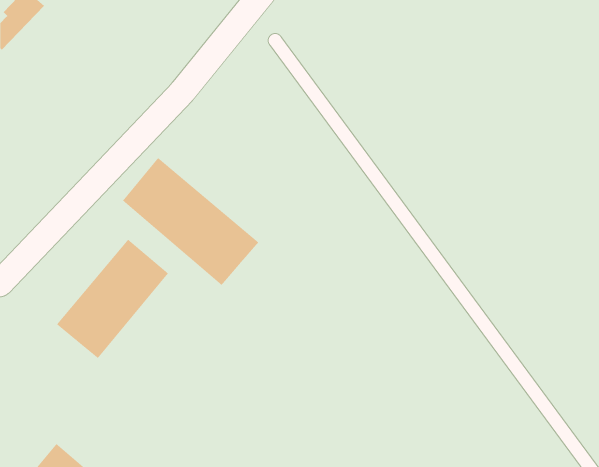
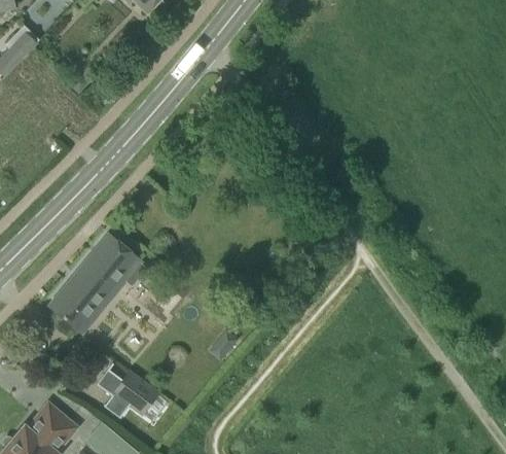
building: [122,157,259,286] -> none
building: none -> [97,369,159,417]

